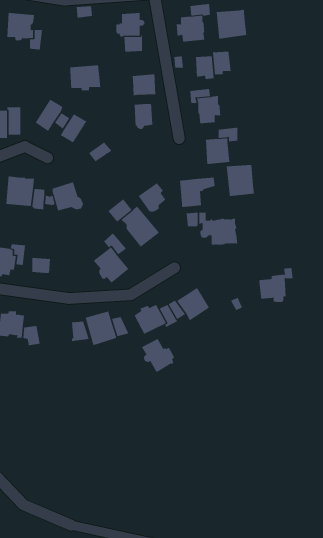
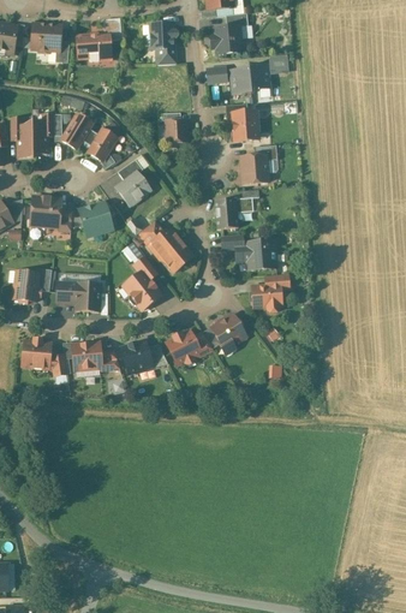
building: [216,9,247,40] -> none
building: [69,65,101,91] -> [76,32,109,60]
building: [132,73,156,96] -> none
building: [226,164,254,197] -> none
building: [138,183,166,212] -> [115,173,145,204]
building: none -> [74,284,98,311]
building: [258,267,293,303] -> [250,274,287,311]
building: none -> [71,343,100,370]
building: [141,338,175,373] -> none

